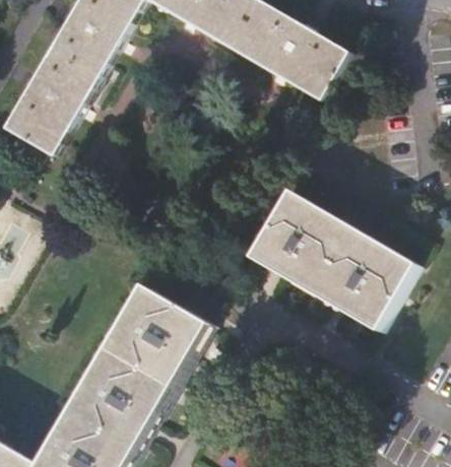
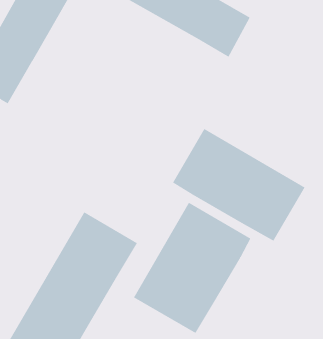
building: none -> [133,202,251,334]

